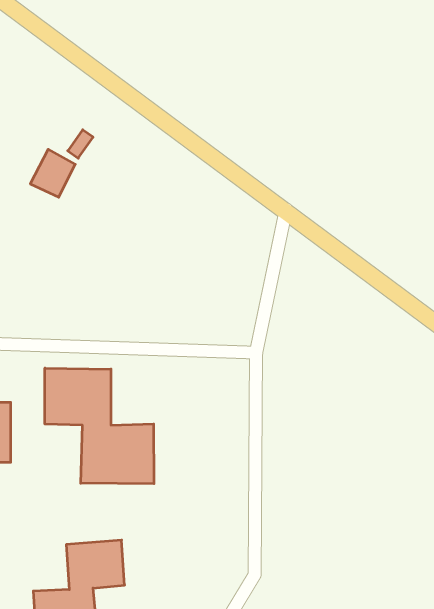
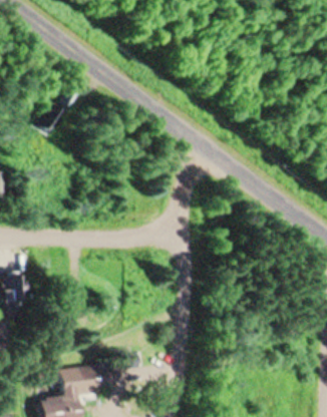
building: [45,368,154,484] -> none

